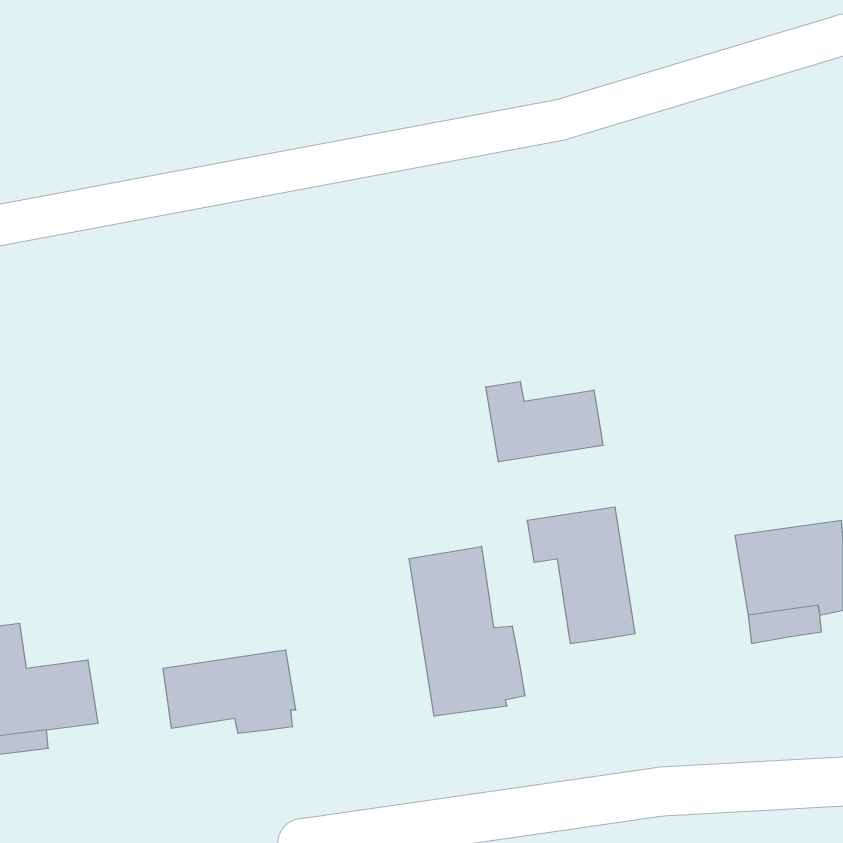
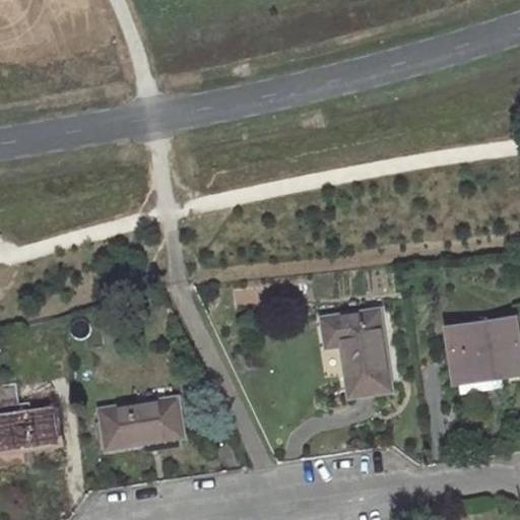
building: [486,381,603,462] -> none
building: [409,546,525,716] -> none

